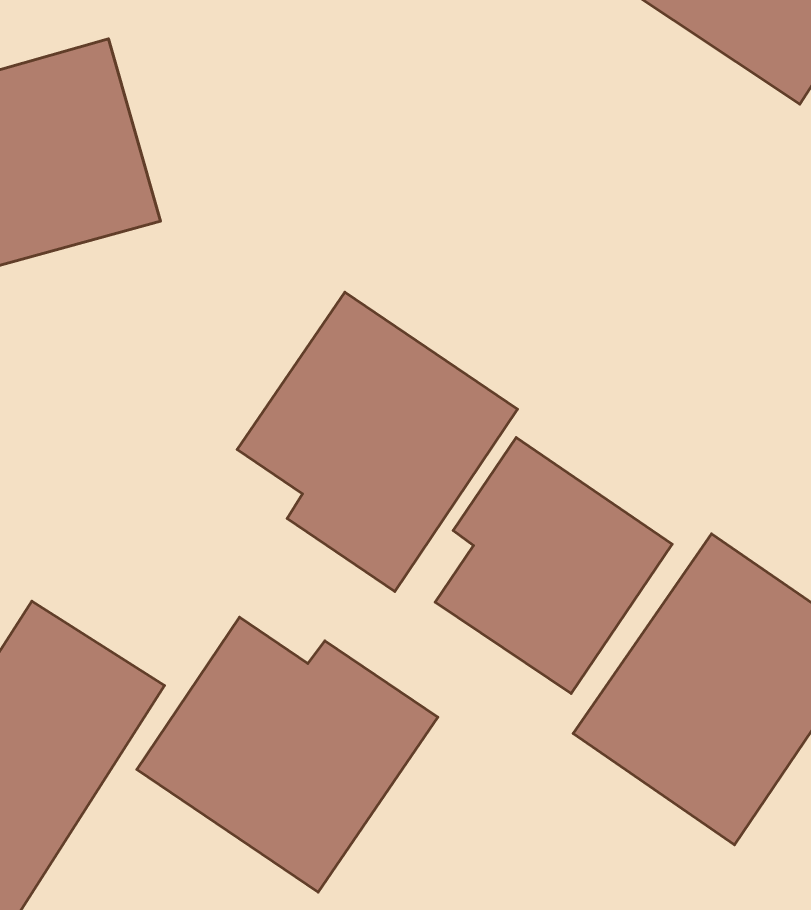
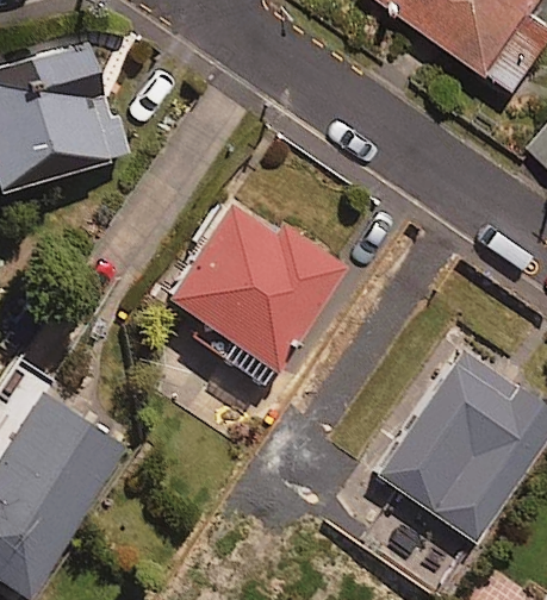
building: [435,438,672,693] -> none
building: [137,617,438,892] -> none

